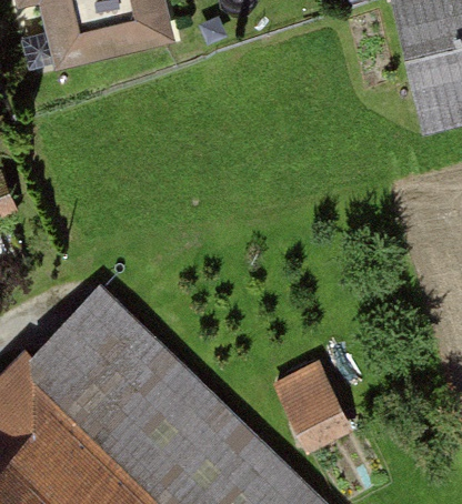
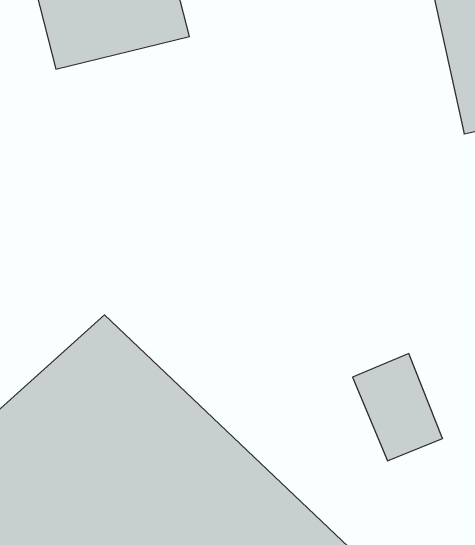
building: [273,365,353,461] -> [353,354,443,461]

